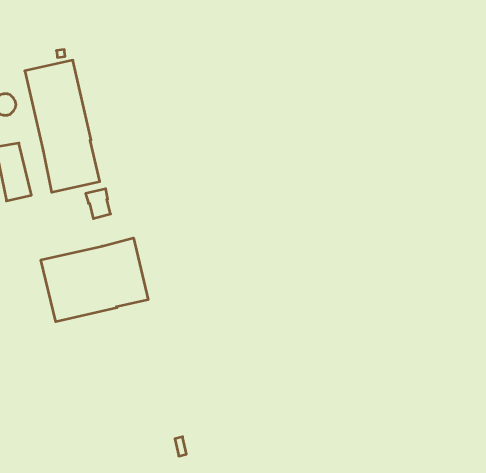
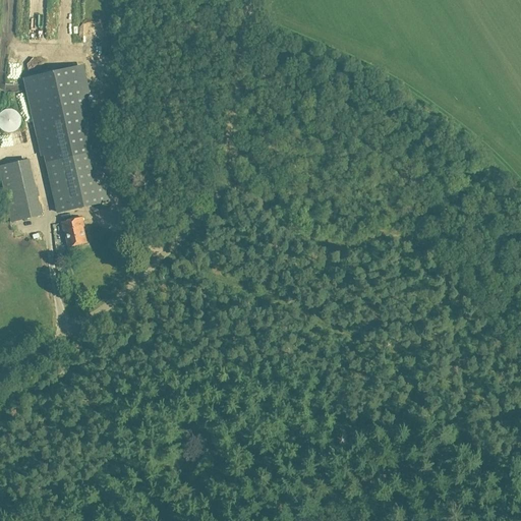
building: [86,189,111,219] -> [57,214,83,245]
building: [41,238,148,322] -> none

